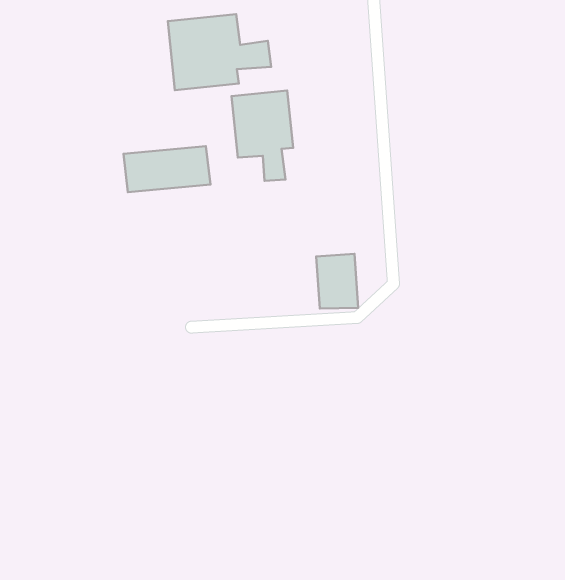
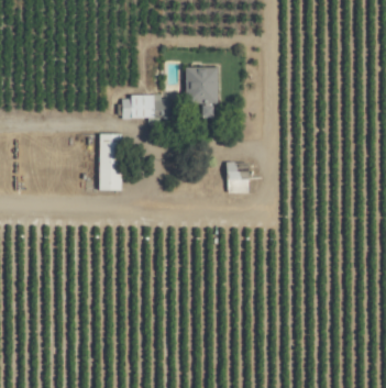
building: [168,14,271,90] -> none
building: none -> [99,133,122,191]

